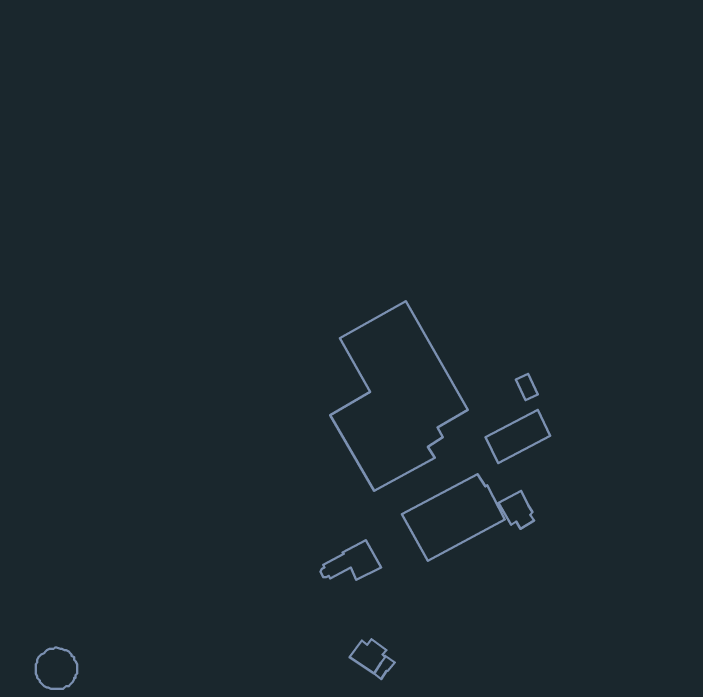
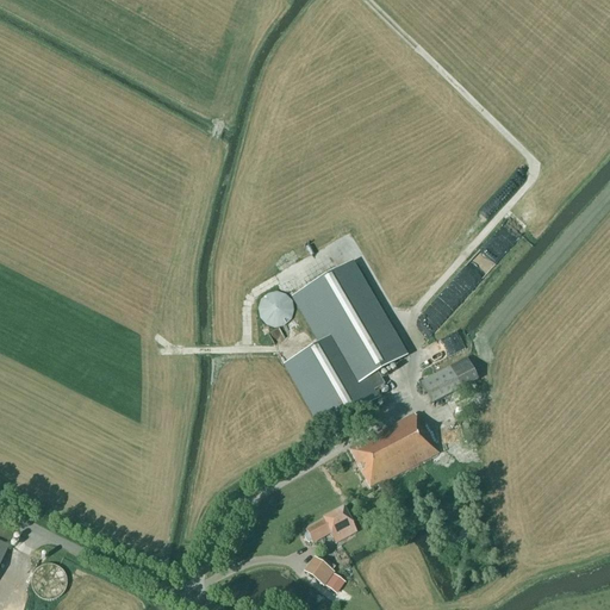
building: none -> [259,288,293,324]
building: [498,491,534,529] -> none
building: [321,540,381,580] -> [304,506,356,541]

